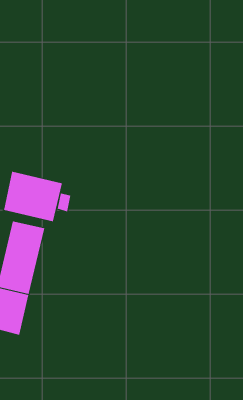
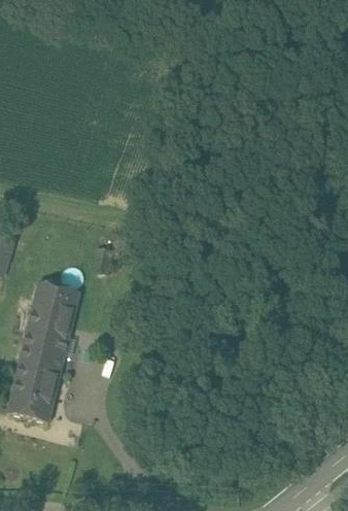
building: [3,171,63,222] -> none

